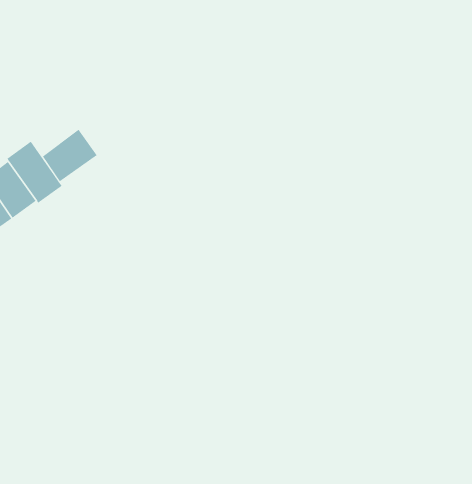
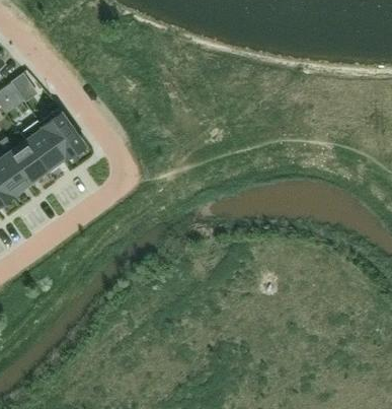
building: [42,129,97,182] -> none

